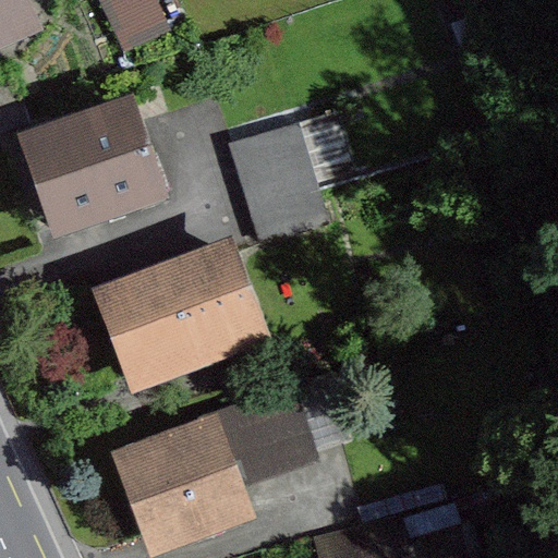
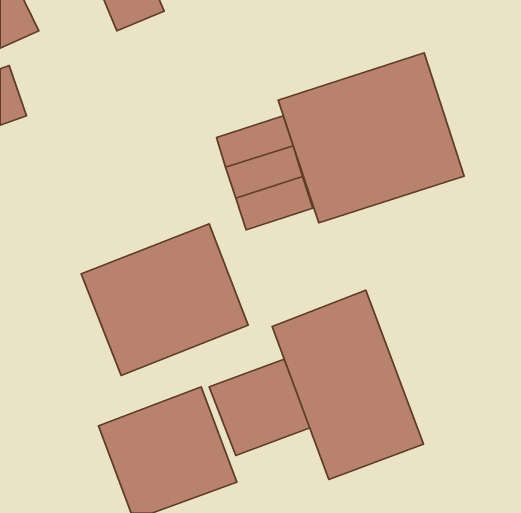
building: none -> [278,53,464,223]
building: [16,95,166,235] -> none
building: none -> [272,290,424,479]

